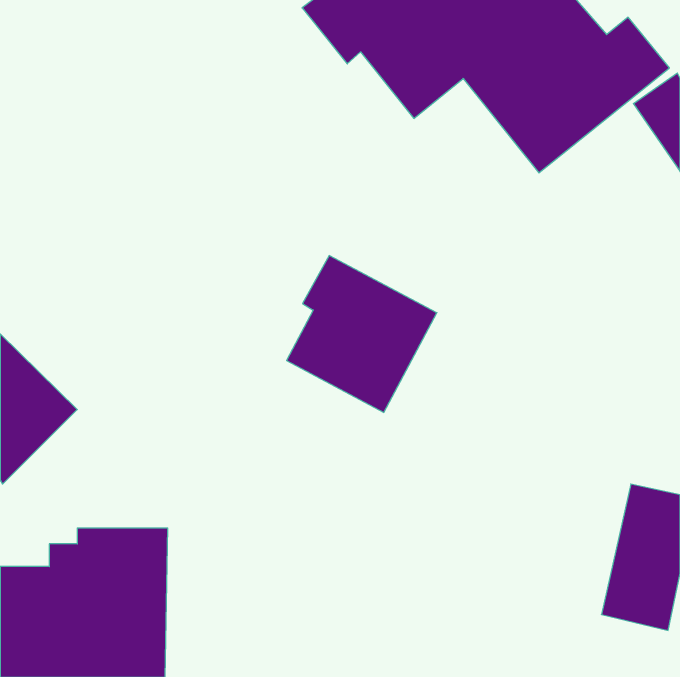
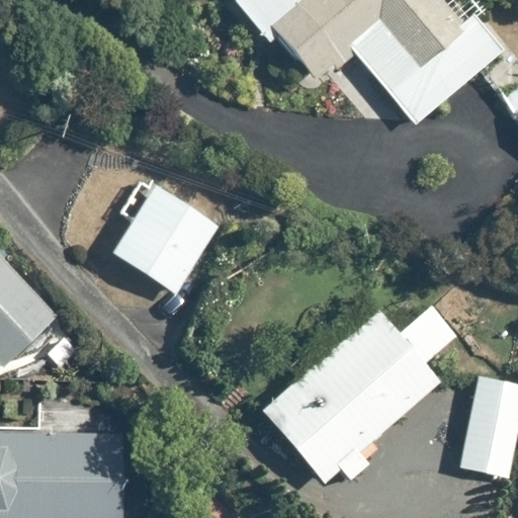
building: [287,256,437,412] -> [106,175,221,294]
building: none -> [253,303,460,489]

